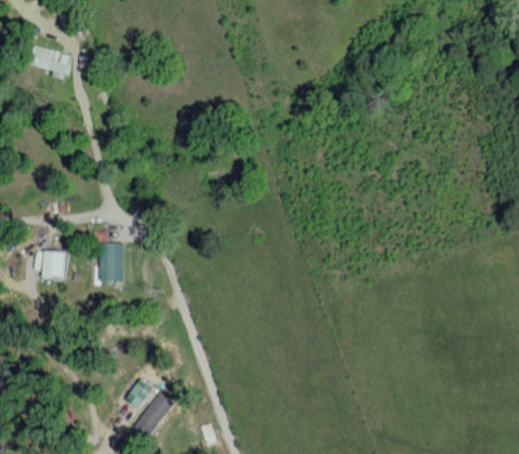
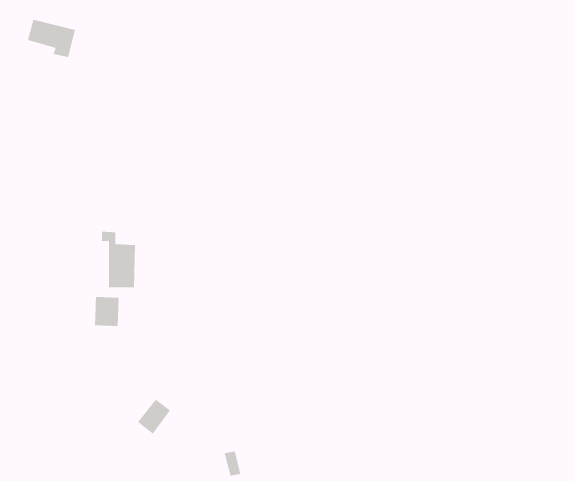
building: [43,252,65,279] -> [94,296,120,327]
building: [139,393,175,432] -> none

